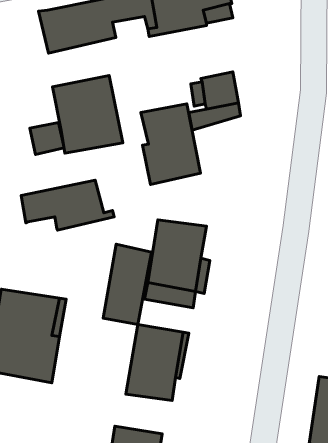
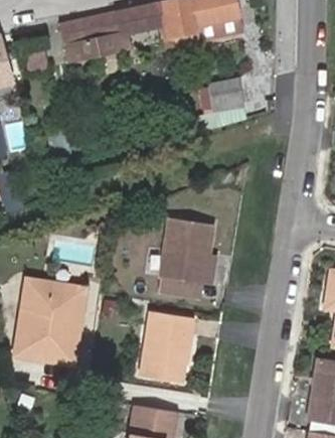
building: [53,76,123,153] -> none
building: [141,104,201,185] -> none
building: [21,180,114,230] -> none
building: [103,244,152,325] -> none

